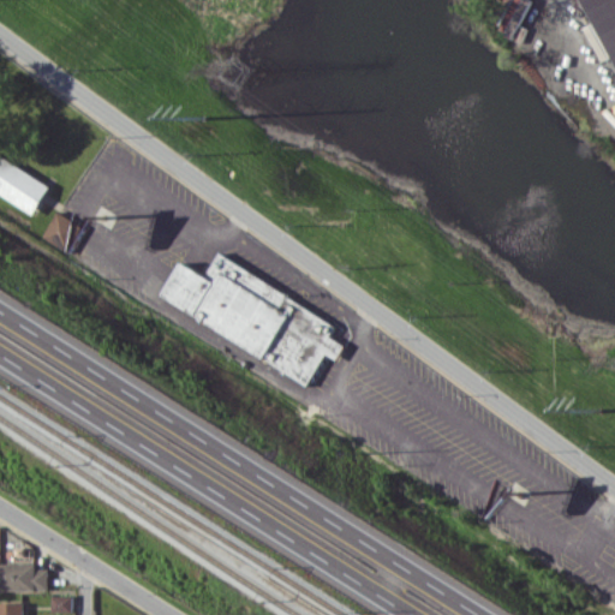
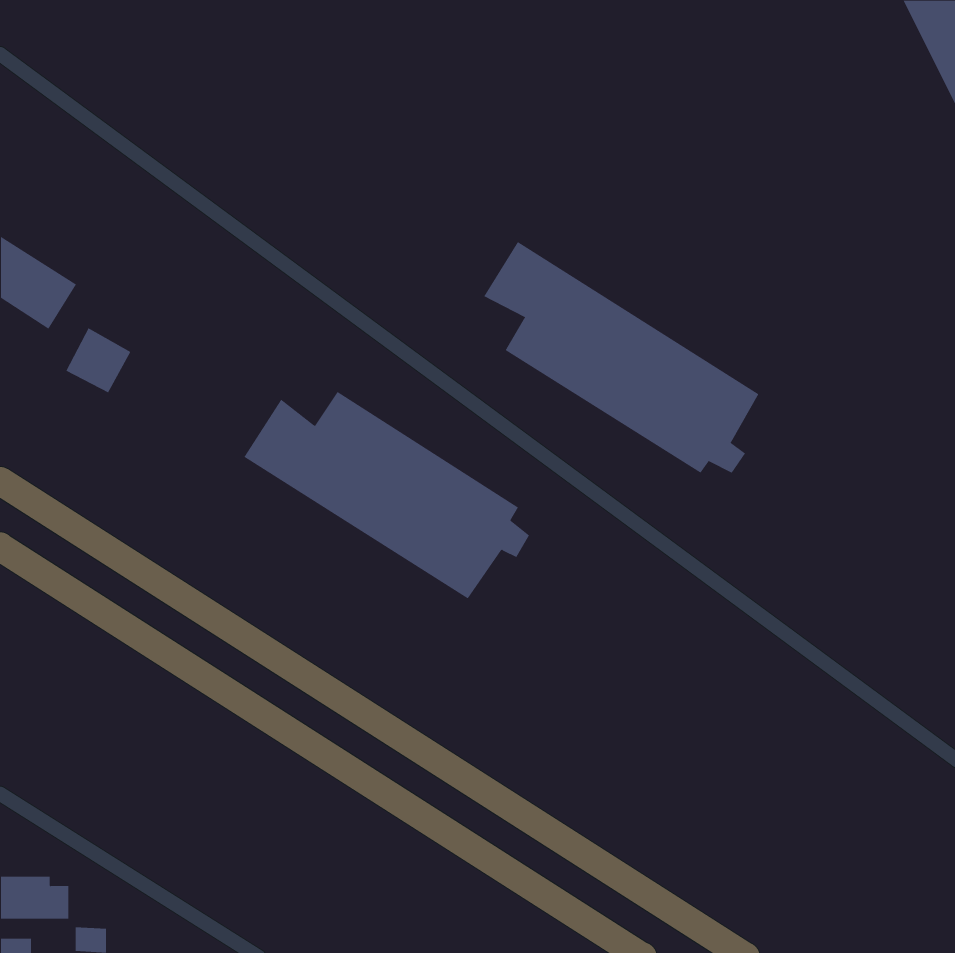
building: none -> [484,241,759,473]

